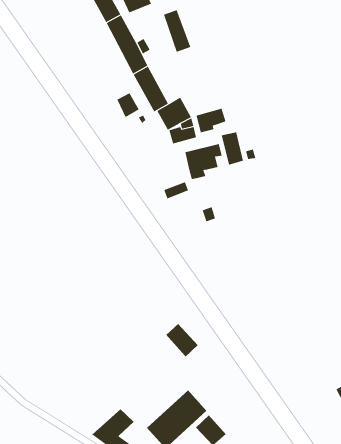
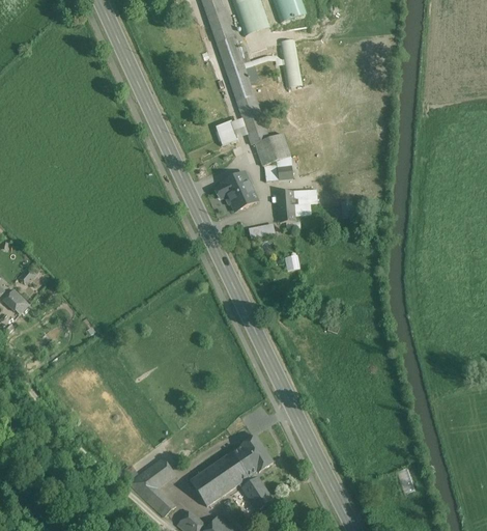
building: [196,108,226,133] -> none
building: [221,132,244,165] -> none
building: none -> [214,173,257,212]
building: [166,323,198,357] -> [239,435,273,472]

